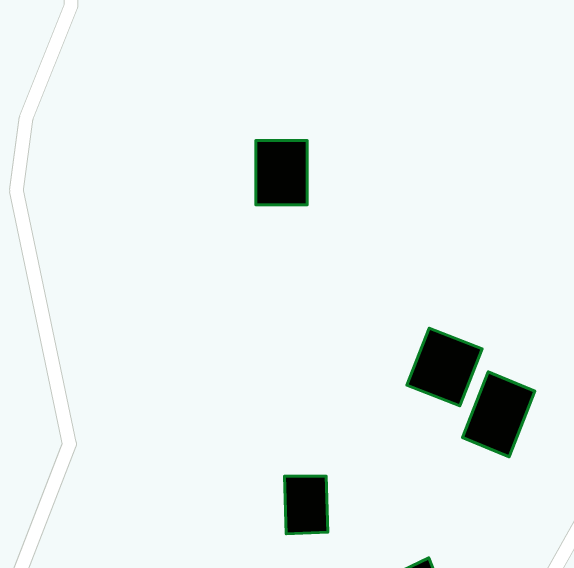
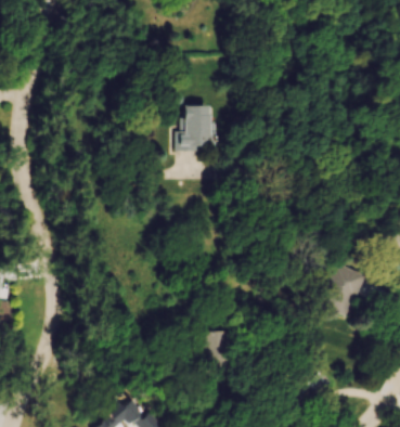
building: [407,328,482,406] -> none

